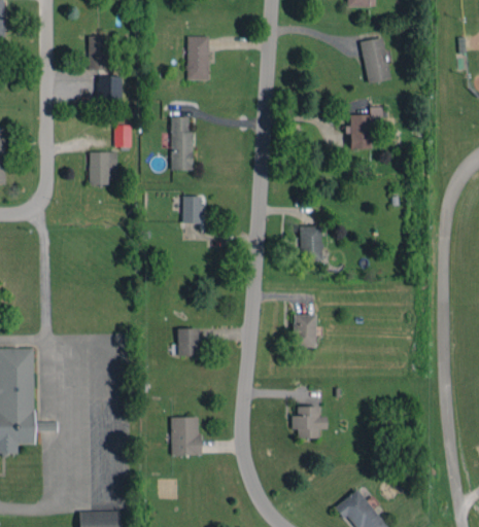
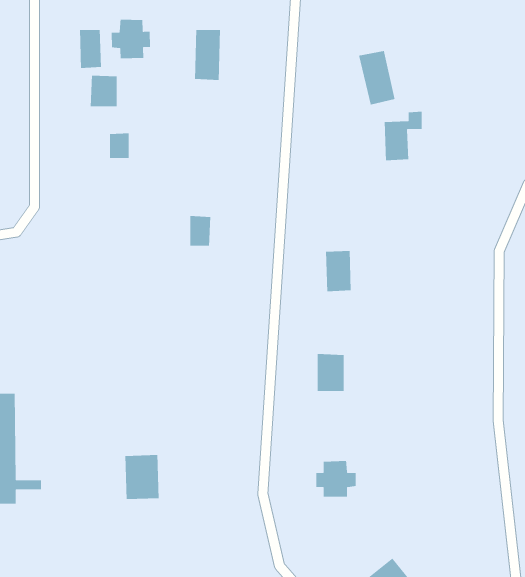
building: none -> [111,19,151,59]
building: [360,37,391,84] -> [358,50,395,106]
building: [171,116,194,170] -> none
building: [90,151,117,184] -> none
building: [178,328,199,356] -> none
building: [171,417,201,456] -> [125,454,159,500]

